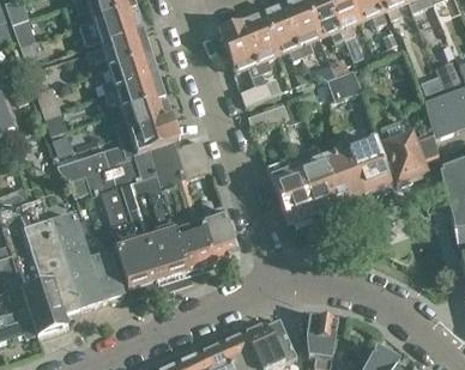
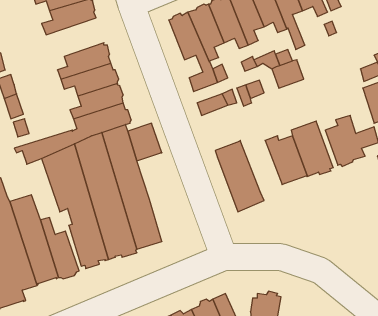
building: [85,31,152,67] -> none
building: [292,145,339,211] -> none
building: [199,210,240,262] -> none

